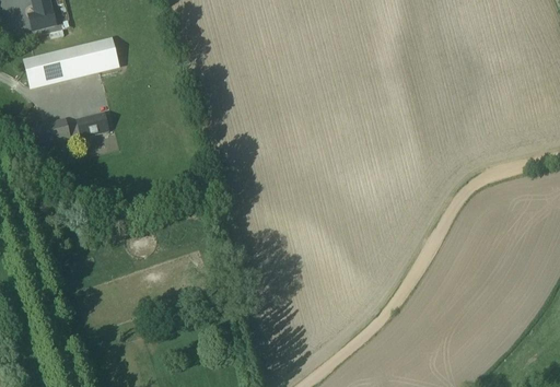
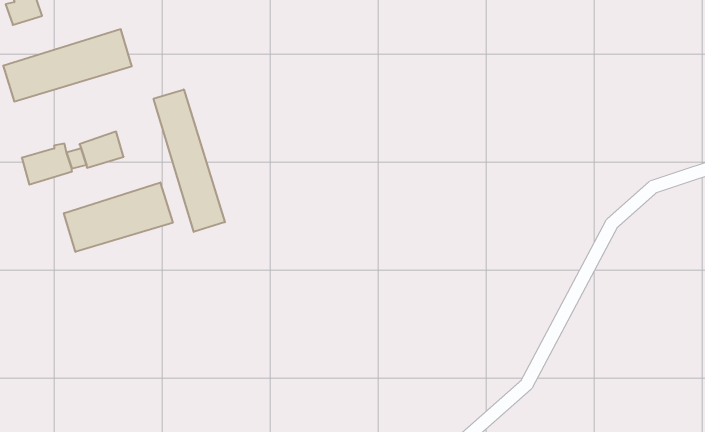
building: none -> [154,89,225,232]
building: none -> [64,182,173,252]

